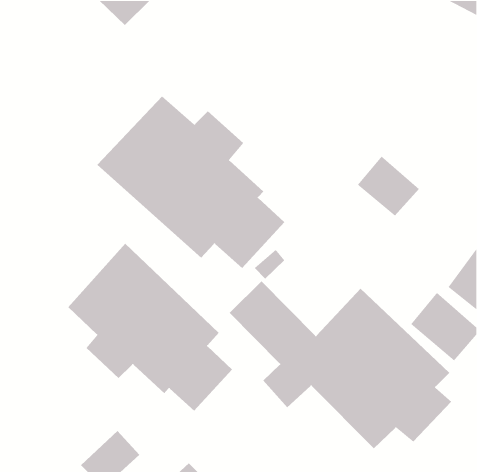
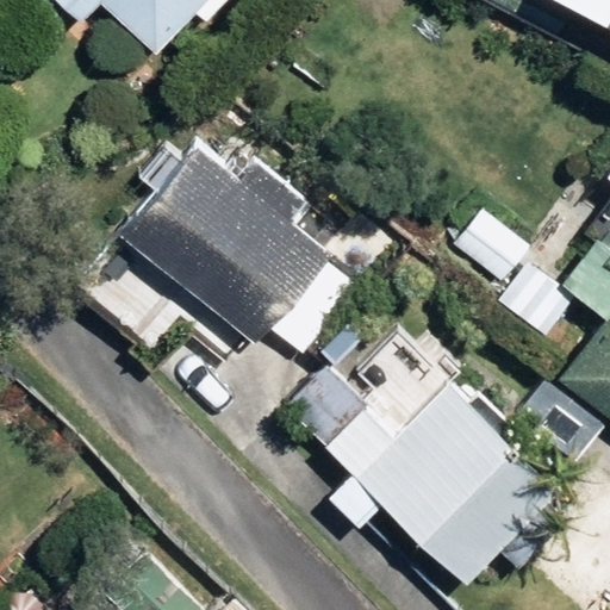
building: [68,243,233,411] -> none

